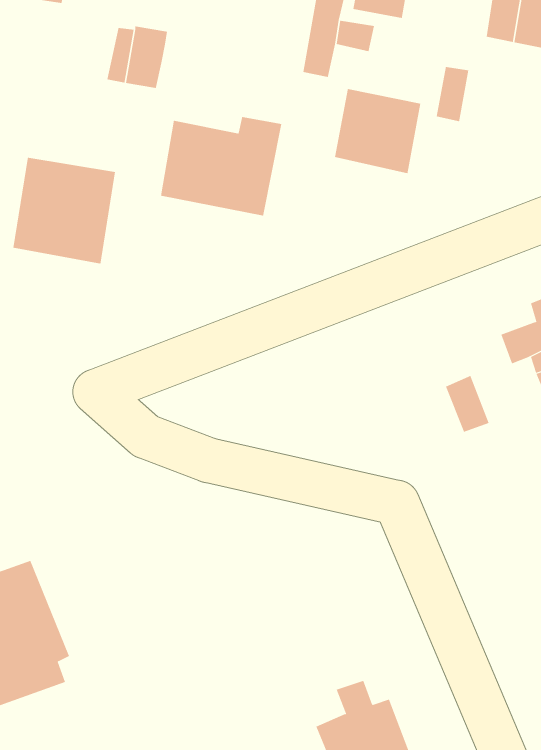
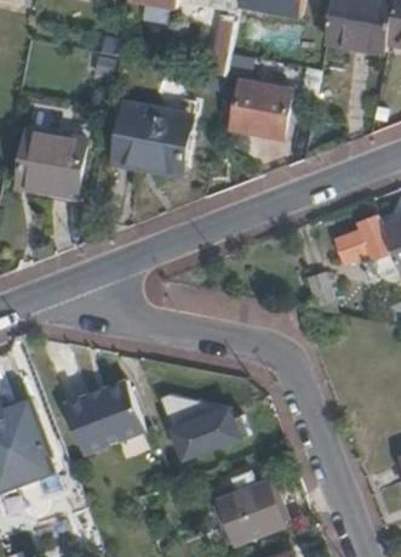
building: none -> [63,381,142,455]
building: none -> [162,391,246,465]

